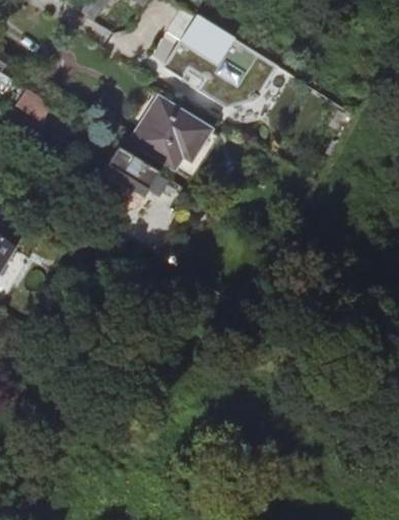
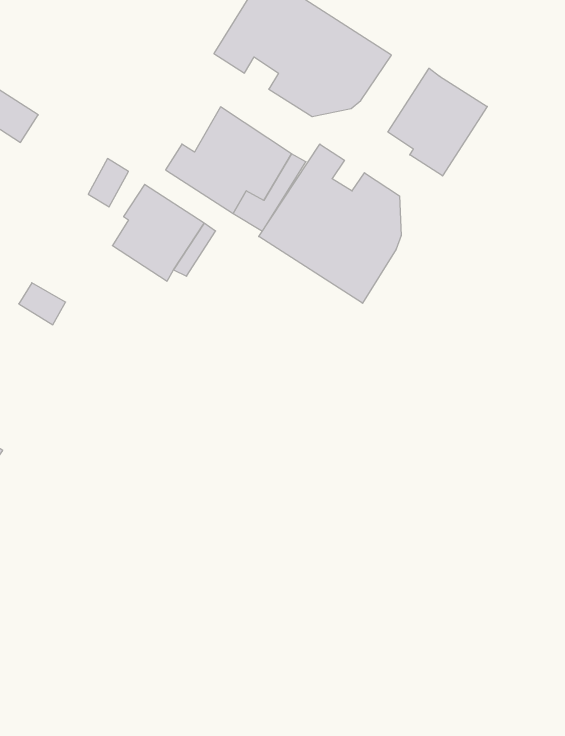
building: none -> [388,68,487,176]
building: none -> [259,144,401,303]

